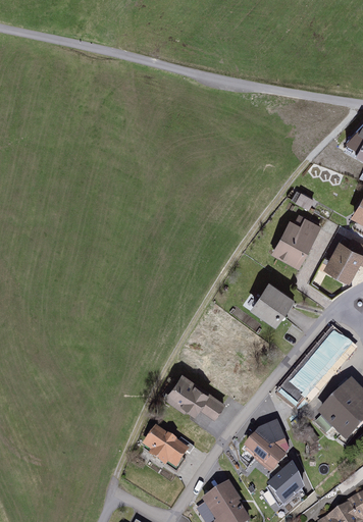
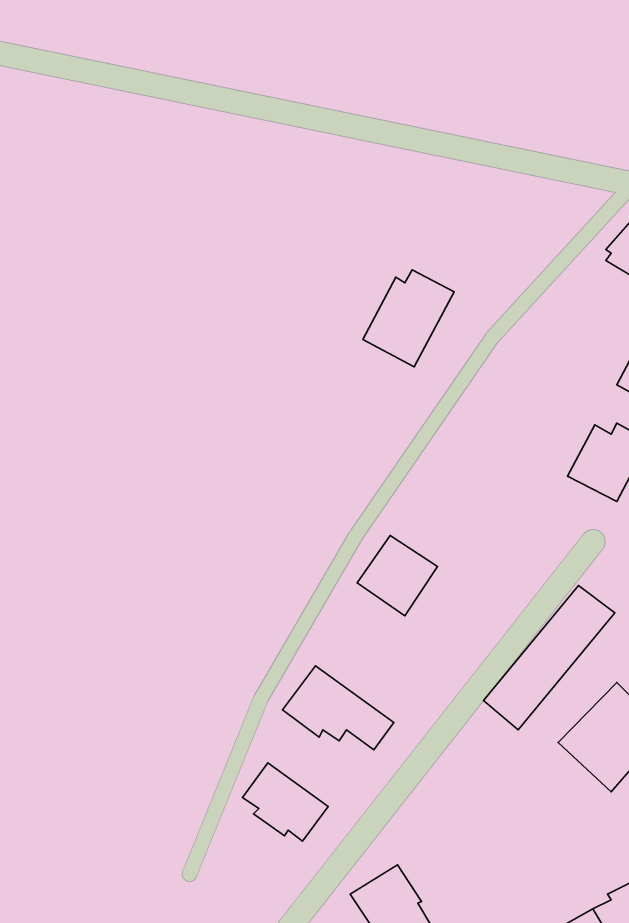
building: [271,213,322,267] -> [363,270,454,367]
building: [251,279,296,324] -> [357,535,438,616]
building: [244,422,290,472] -> none
building: [265,464,304,509] -> none

